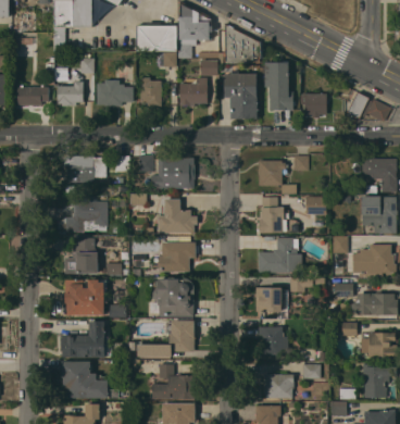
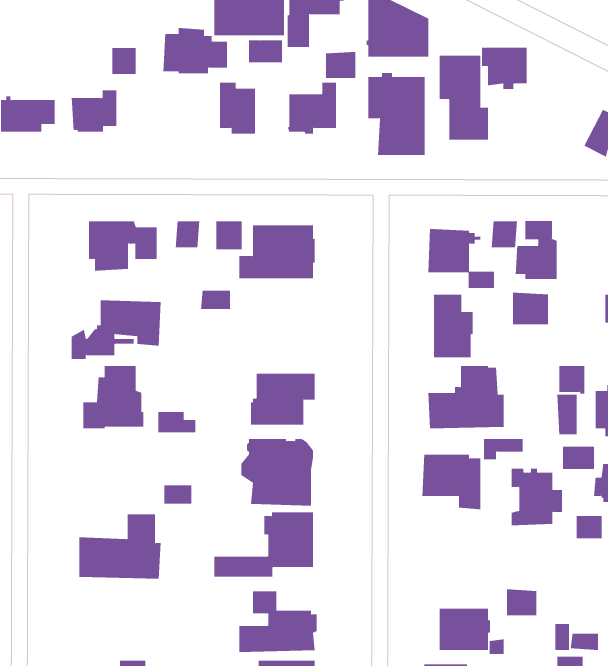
building: [96,79,133,105] -> [162,28,228,74]
building: [300,93,326,117] -> [481,47,528,90]
building: none -> [515,220,557,280]
building: [158,199,197,236] -> none
building: [64,278,105,314] -> none
building: [258,324,287,357] -> [511,468,563,526]
building: [61,361,117,398] -> none

